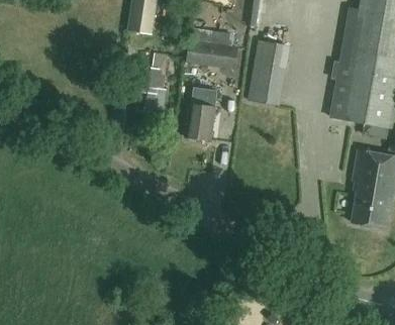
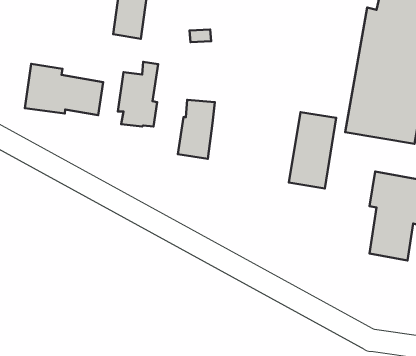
building: [184,39,237,69] -> none
building: [248,39,289,106] -> [289,112,336,188]
building: none -> [25,64,103,115]

